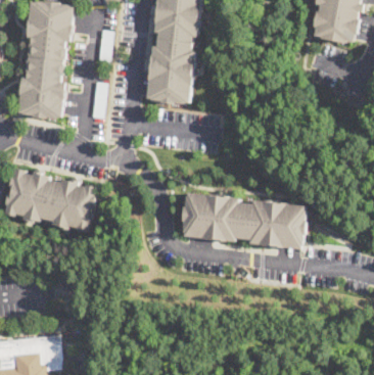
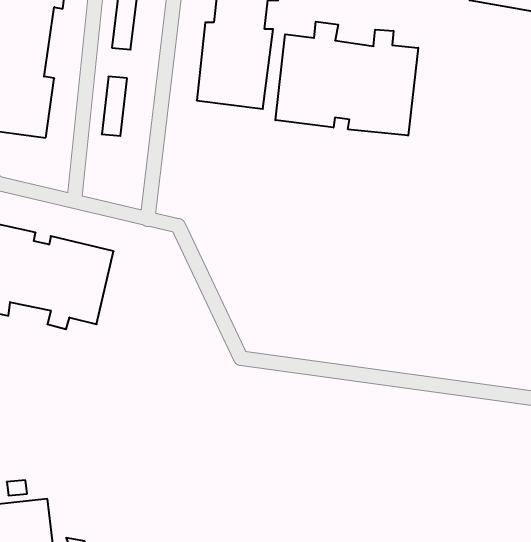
building: none -> [275,22,418,136]
building: [181,192,307,250] -> none

